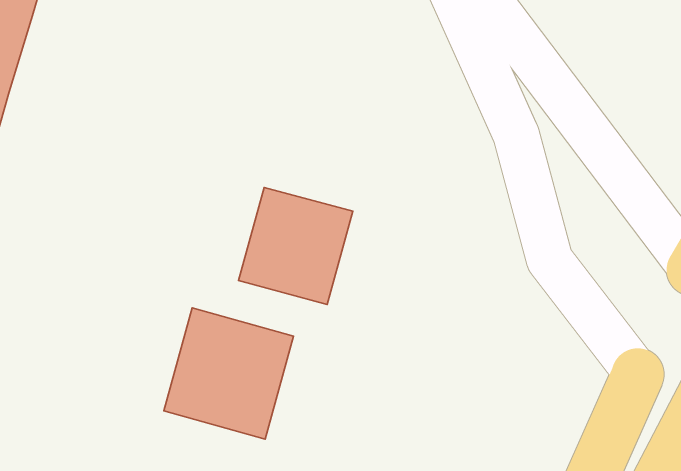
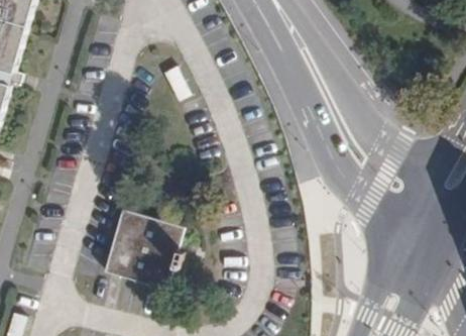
building: [238,187,353,304] -> none

